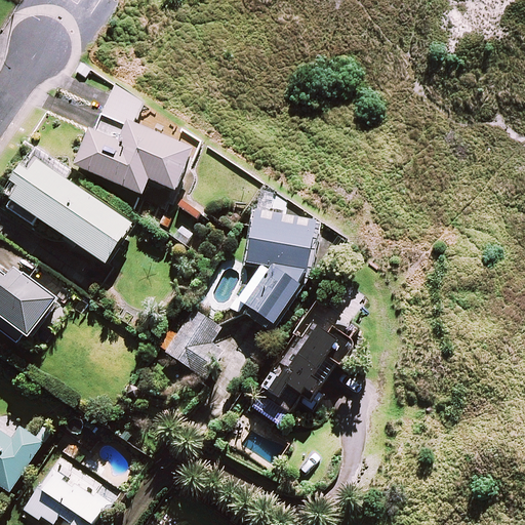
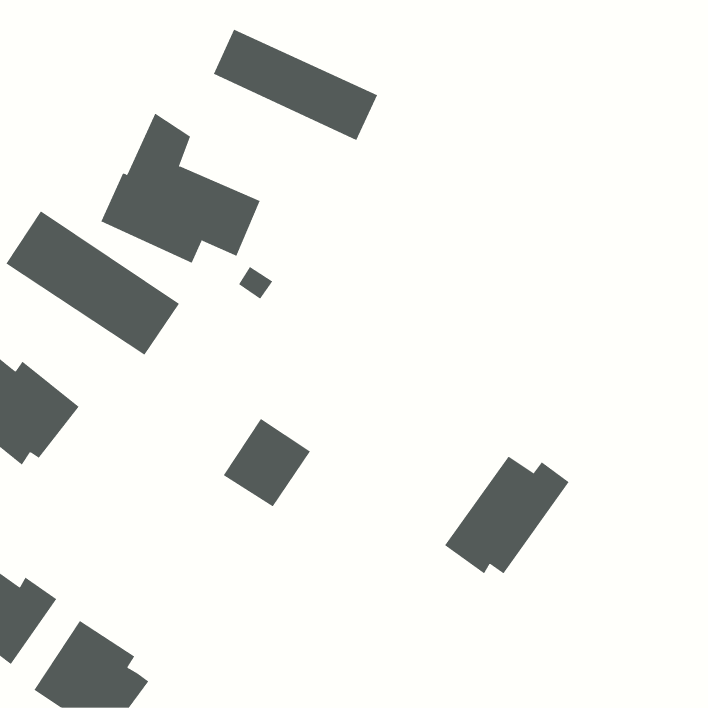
building: none -> [213,29,378,141]
building: [233,208,318,330] -> none
building: [264,320,356,407] -> [444,456,569,574]

